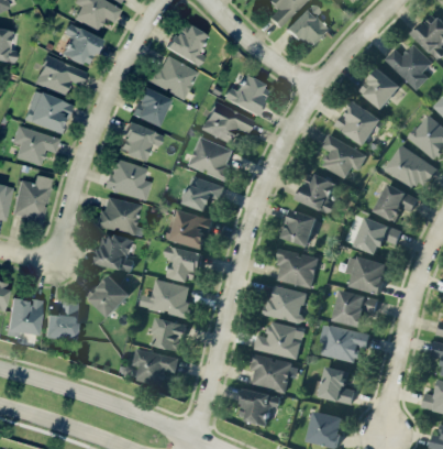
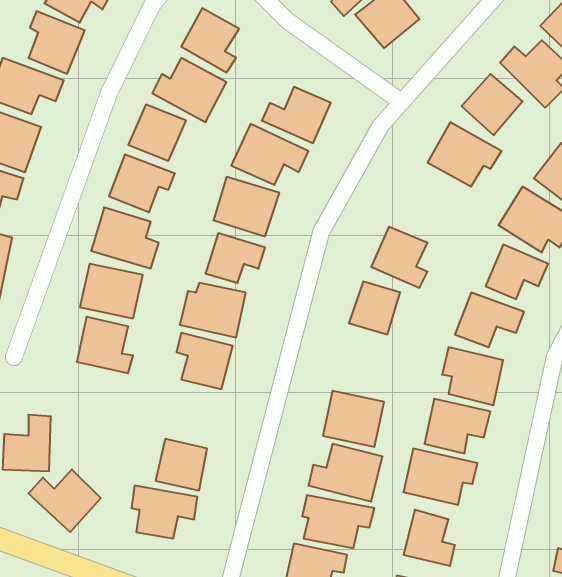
building: [321,134,366,178] -> none
building: [274,249,318,288] -> none
building: [80,274,130,317] -> [28,469,101,532]
building: [140,278,191,317] -> none

